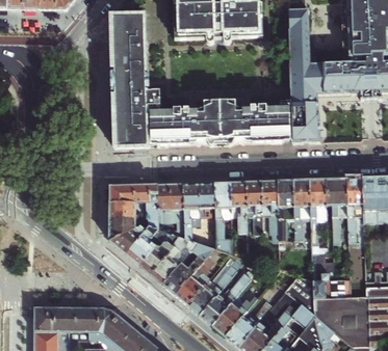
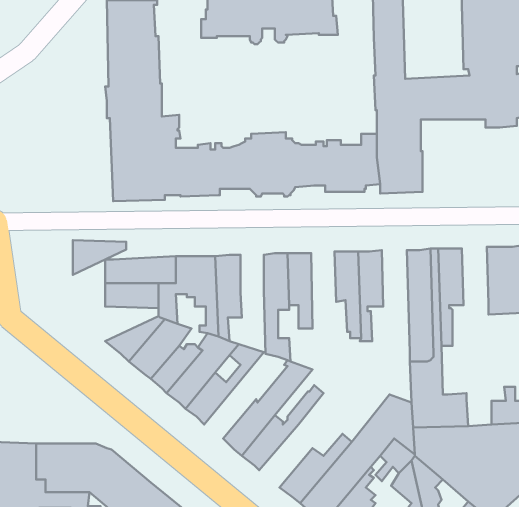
building: [345,177,363,240] -> none
building: [292,179,310,247] -> none
building: [245,180,262,233] -> none
building: [199,182,214,207] -> none
building: [109,216,145,239] -> [73,240,126,275]
building: [175,246,224,303] -> none
building: [211,292,257,335] -> none

